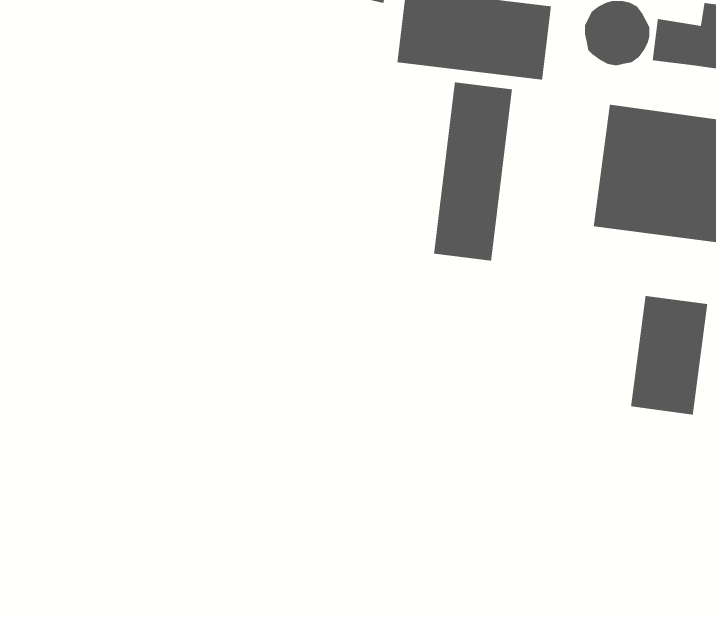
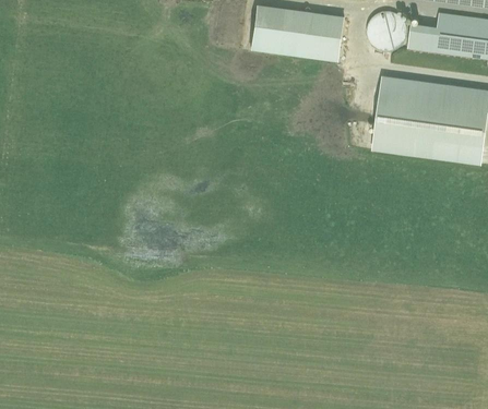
building: [433,81,513,262] -> none
building: [630,295,708,415] -> none

